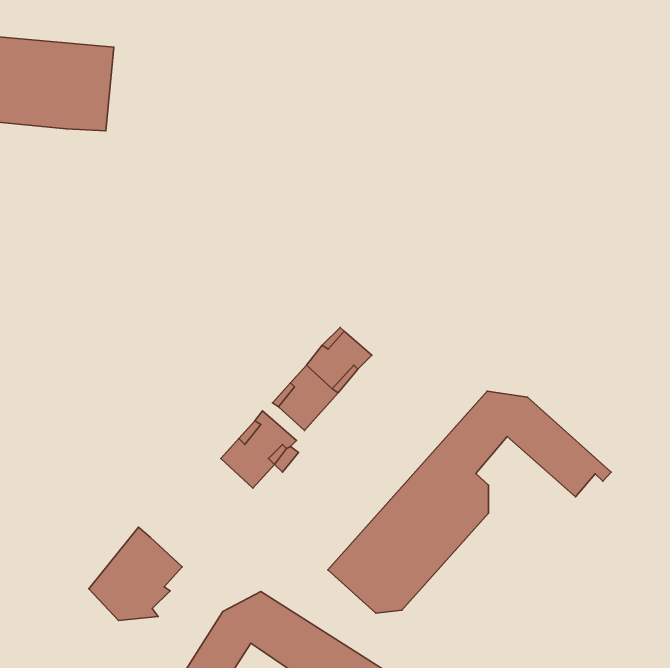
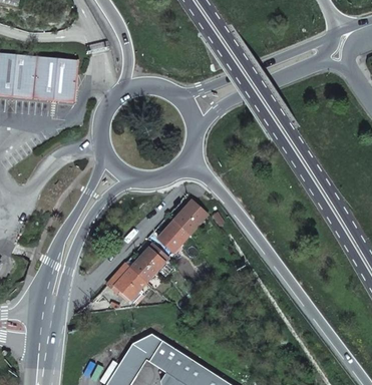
building: [328,391,611,613] -> none
building: [89,527,182,621] -> [100,261,147,308]

